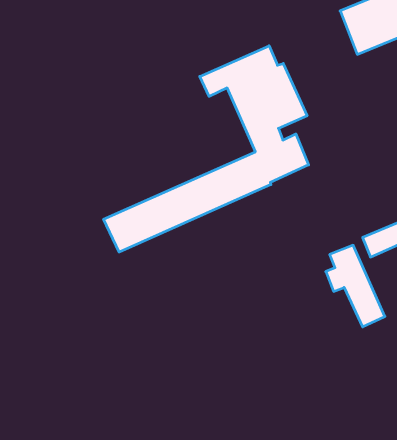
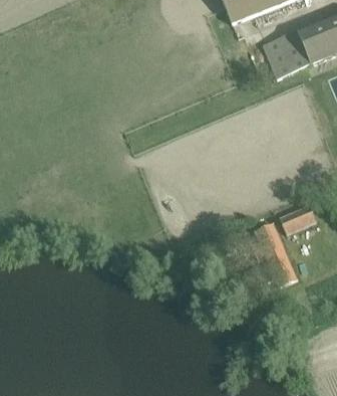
building: [104,46,309,252] -> none

